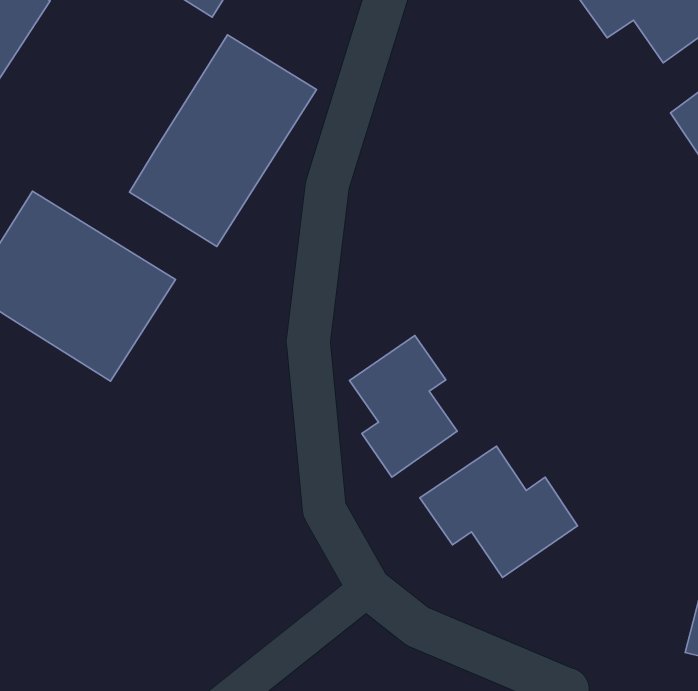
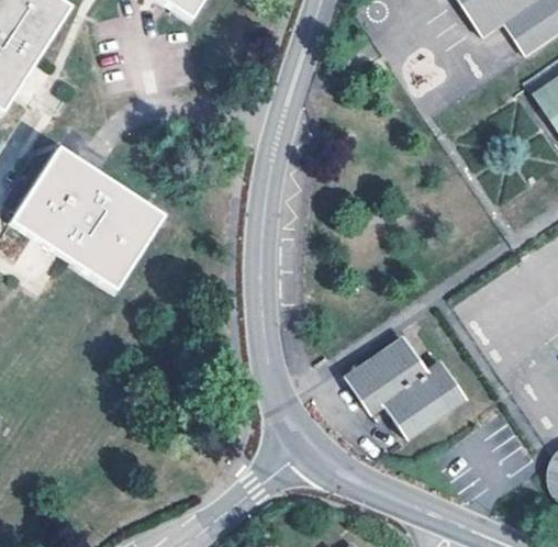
building: [130,35,317,247] -> none
building: [350,336,457,477] -> none

